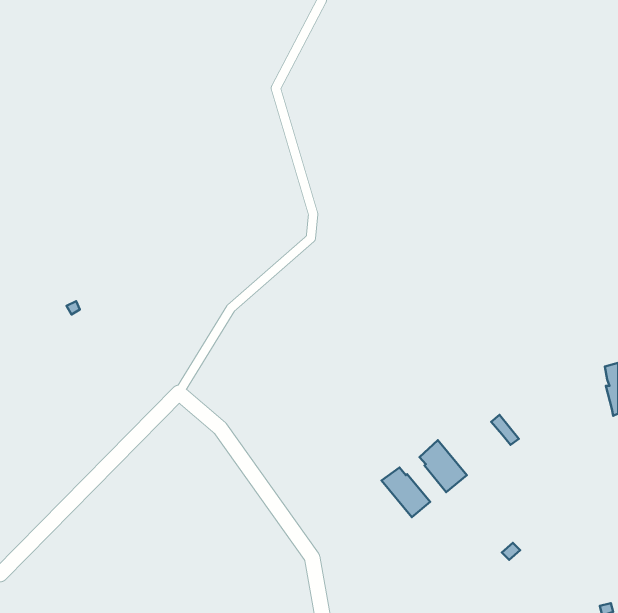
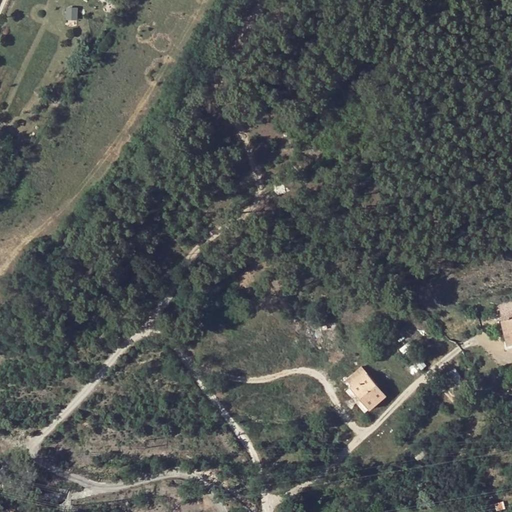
building: [381,467,430,517] -> none

